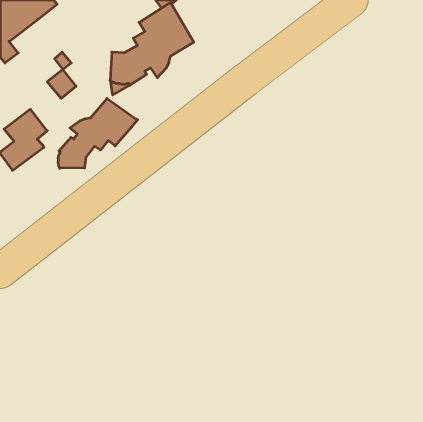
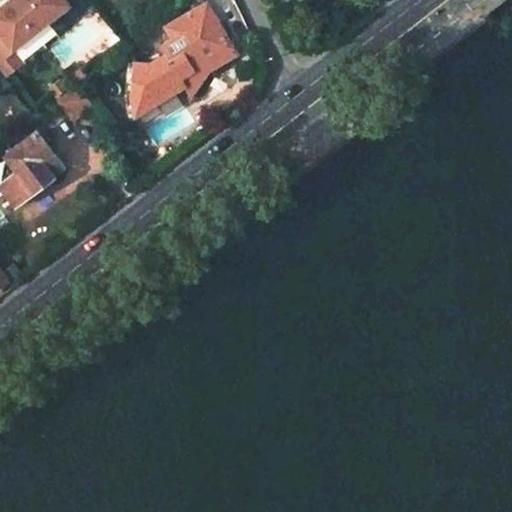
building: [58,98,138,168] -> none

